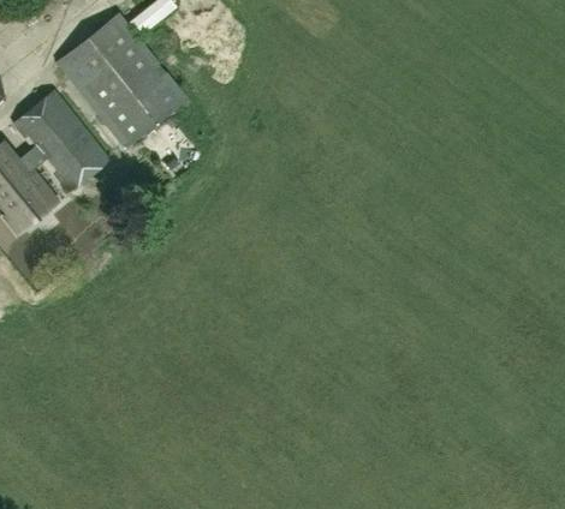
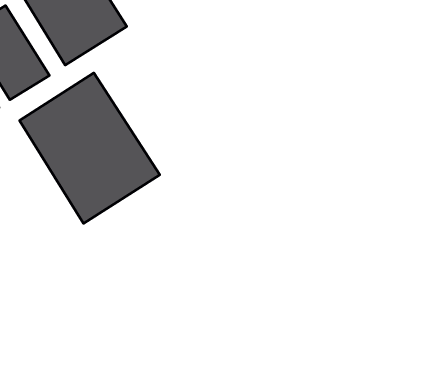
building: none -> [19,73,160,223]

